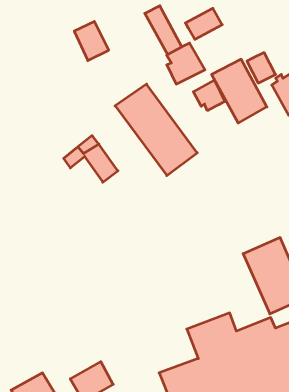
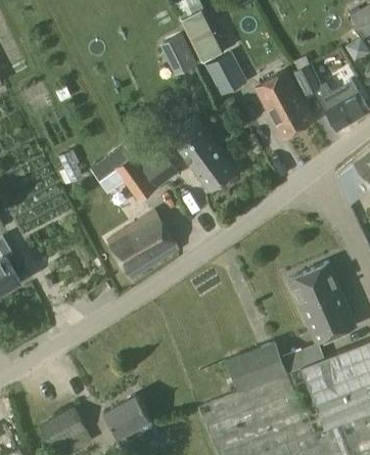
building: [185,8,222,39] -> none
building: [74,21,109,61] -> [157,32,194,74]
building: [193,80,225,110] -> none
building: none -> [141,151,179,189]
building: none -> [106,211,179,280]

